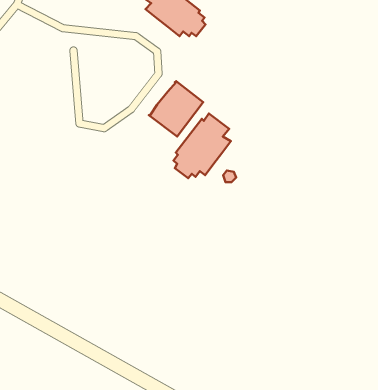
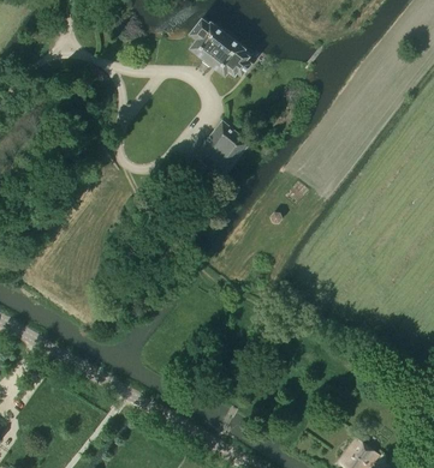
building: [174,114,231,178] -> none

